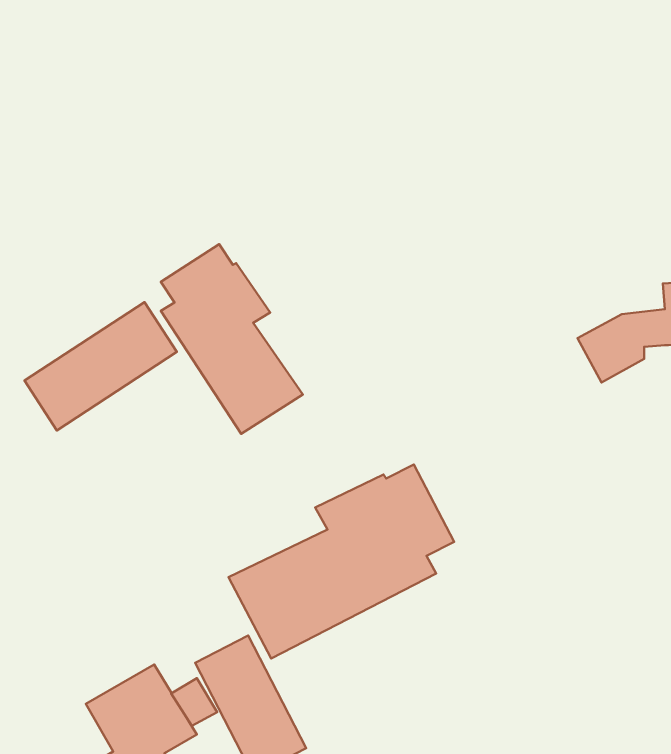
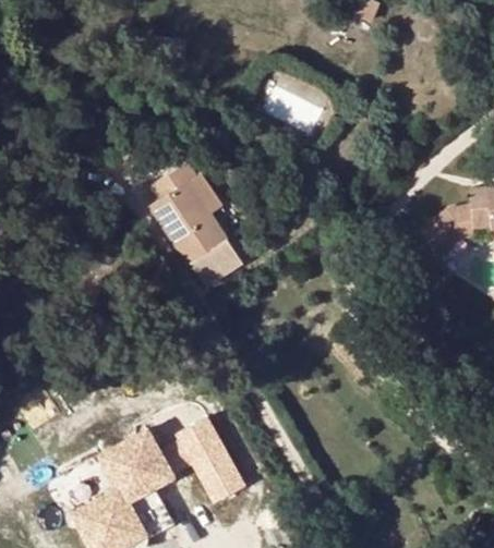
building: [24,302,177,430] -> none
building: [228,464,454,659] -> none

